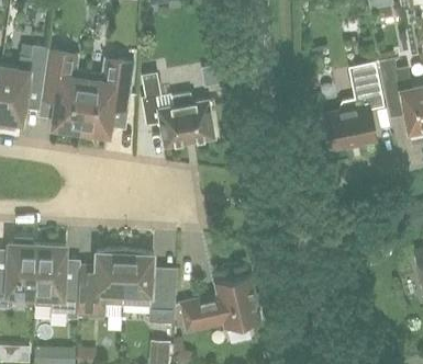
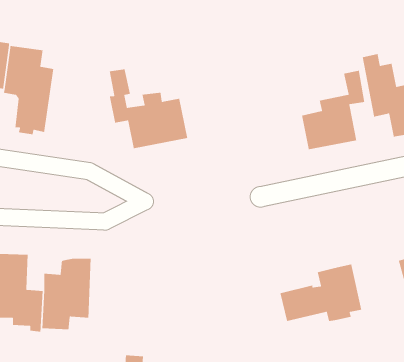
building: [81,58,134,139] -> none
building: [123,249,177,323] -> none
building: [181,276,259,331] -> [280,264,362,322]

